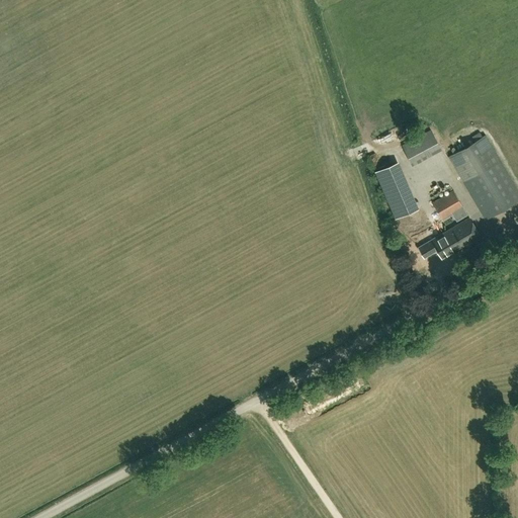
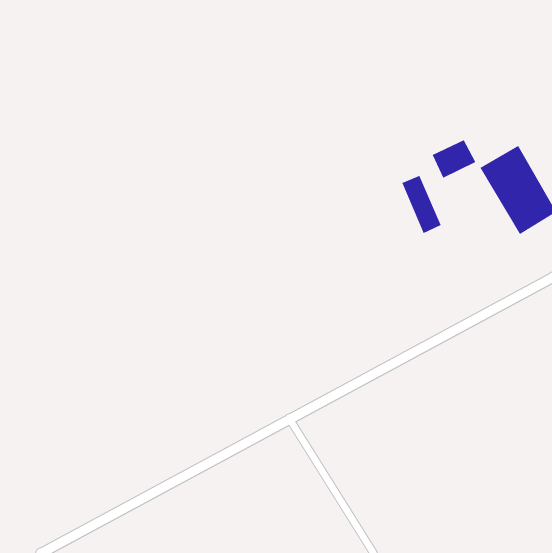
building: [433,190,464,220] -> none
building: [429,219,482,260] -> none

